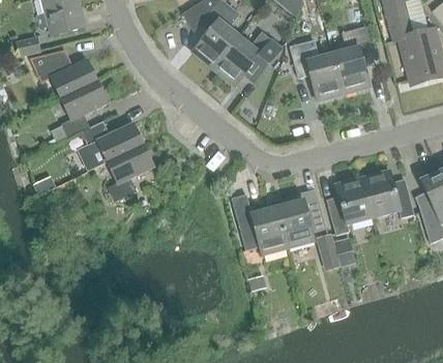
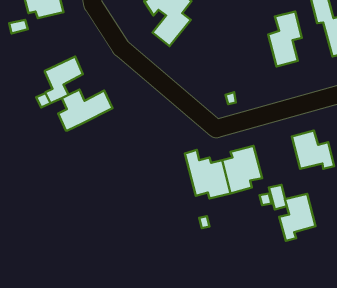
building: [213,31,282,85] -> none
building: [290,39,344,99] -> none
building: [30,48,98,97] -> none
building: [107,143,154,201] -> none
building: [328,177,373,234] -> [279,194,316,241]

